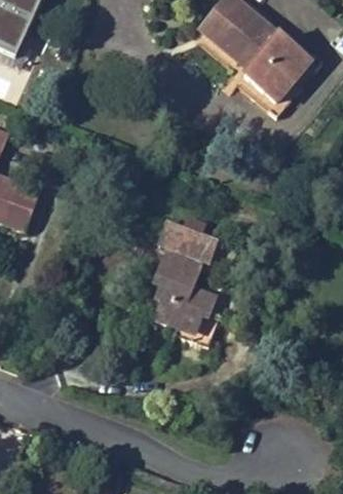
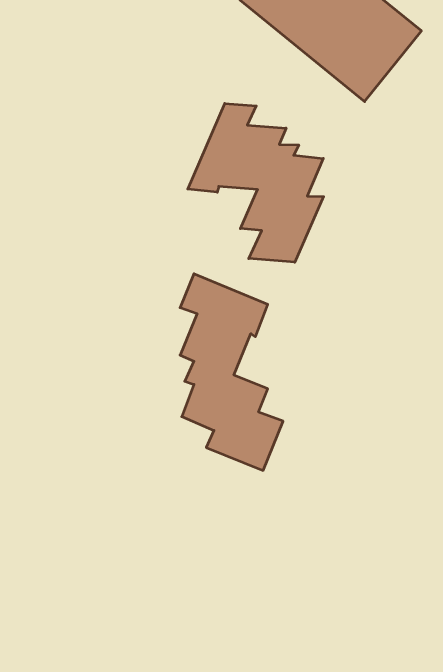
building: none -> [188,103,324,262]

